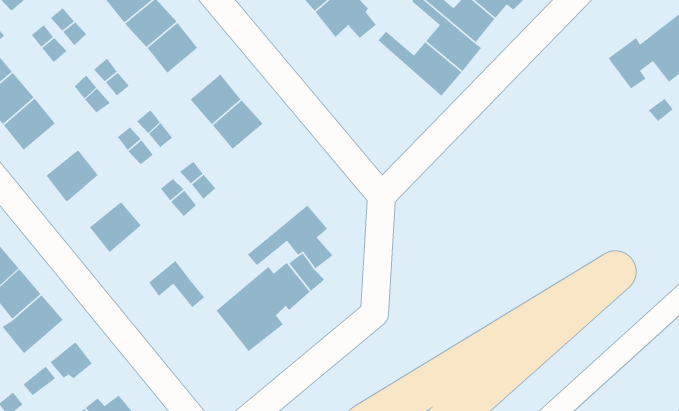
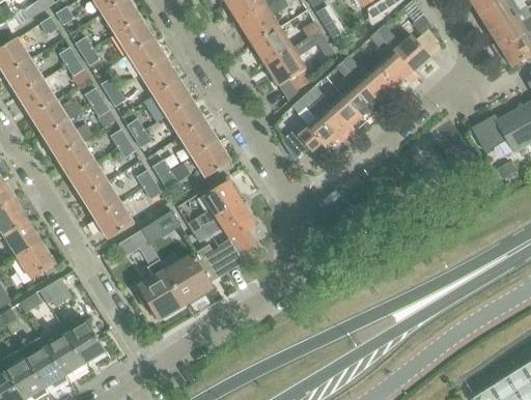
building: none -> [291,92,348,151]
building: none -> [153,80,192,116]
building: none -> [43,120,91,156]
building: none -> [193,141,230,177]
building: none -> [68,162,108,198]
building: none -> [187,180,242,233]
building: none -> [94,202,134,238]
building: none -> [141,211,180,245]
building: none -> [137,260,185,319]

